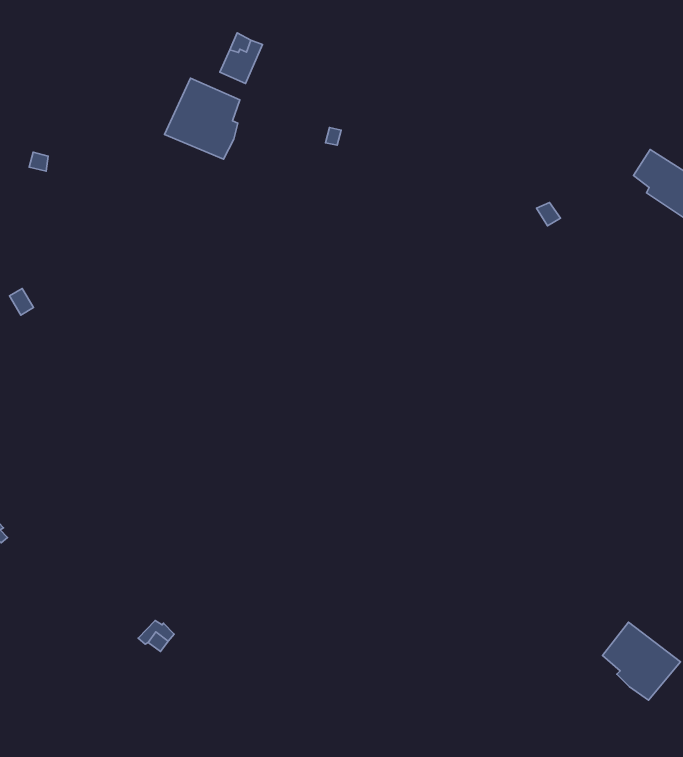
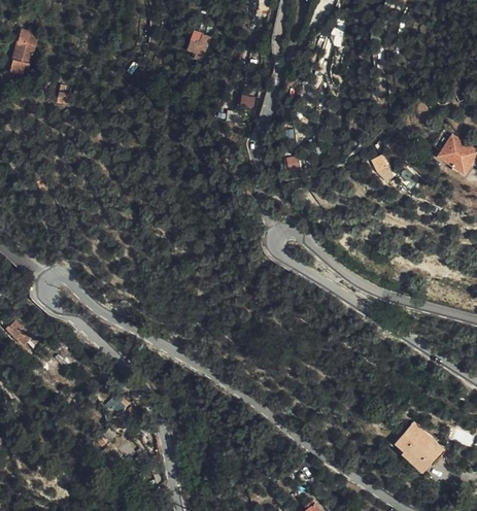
building: [164,78,240,159] -> none

